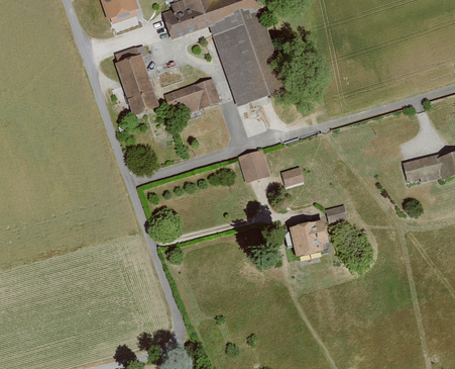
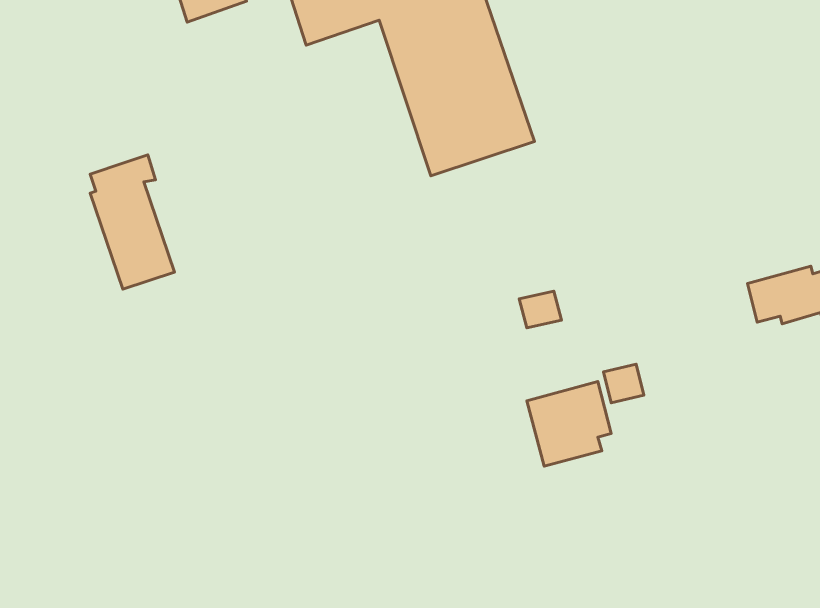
building: [112,43,156,114] -> [90,155,175,289]
building: [163,79,220,119] -> none
building: [238,150,269,182] -> none

